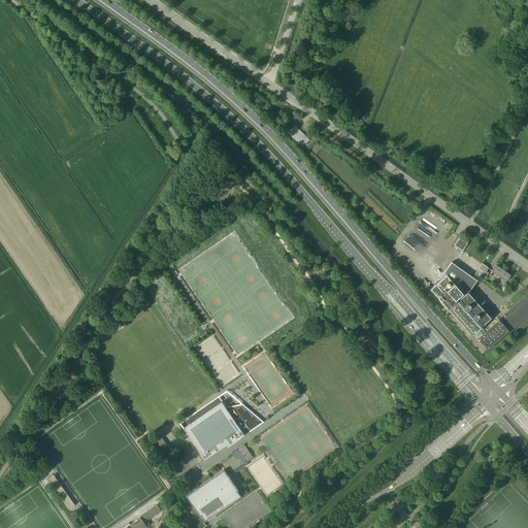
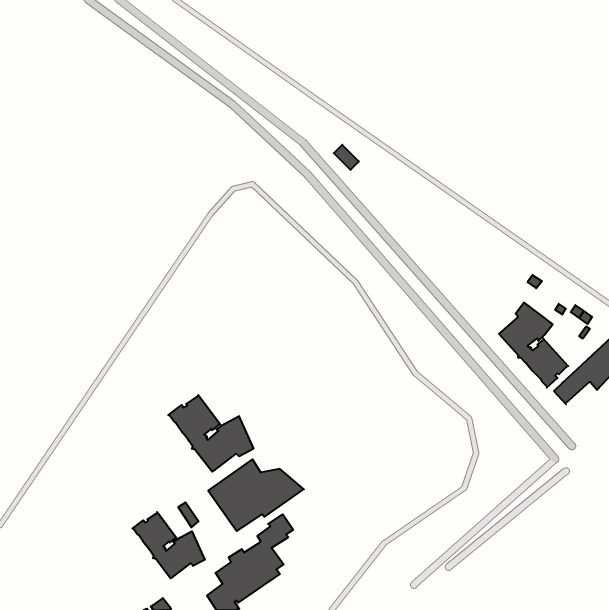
building: none -> [168,395,253,472]
building: none -> [132,512,205,578]

